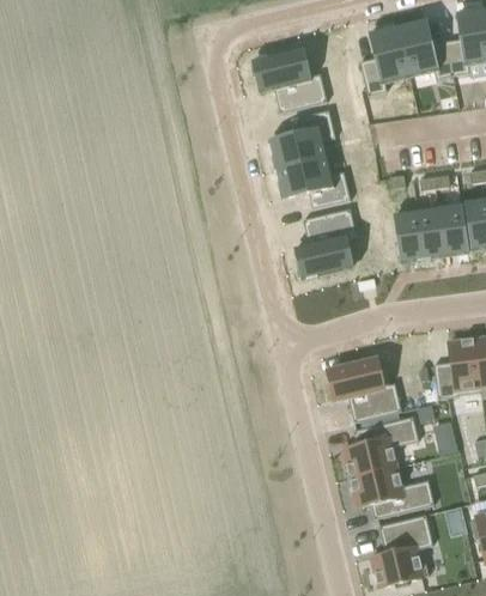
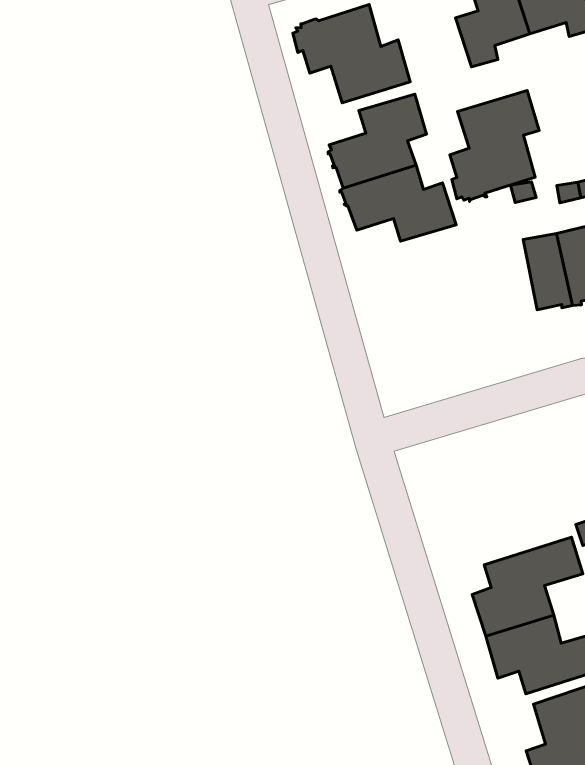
building: [296,208,357,280] -> [450,90,539,202]
building: [327,357,401,421] -> none

